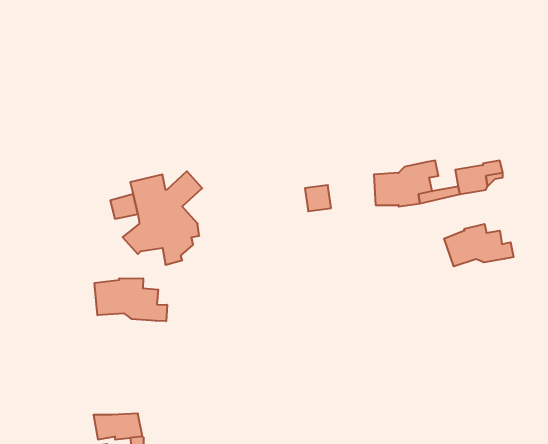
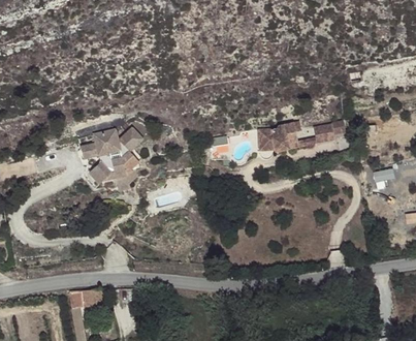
building: [444,224,513,266] -> none
building: [95,278,167,321] -> none

